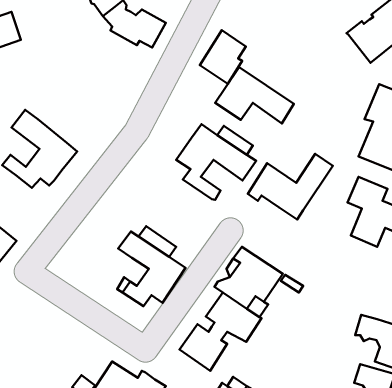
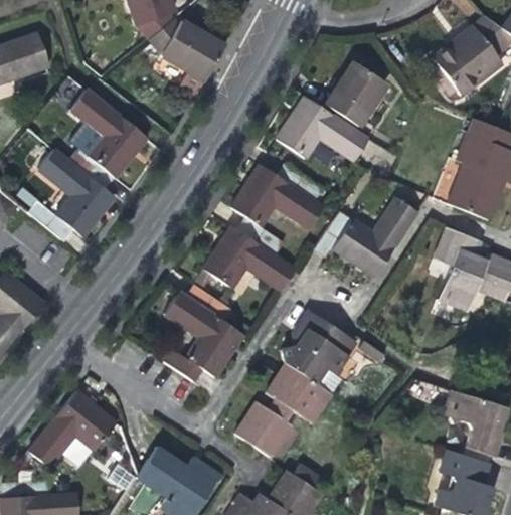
building: [200,30,246,84] -> [327,63,381,127]
building: none -> [68,90,149,187]
building: none -> [202,225,298,293]
building: none -> [28,390,117,468]

